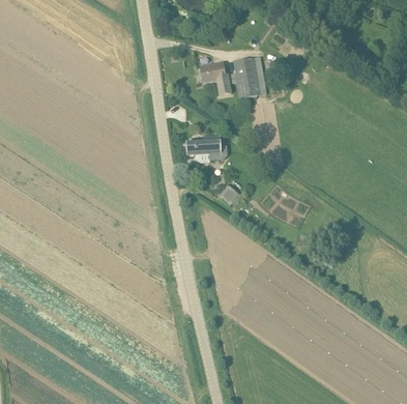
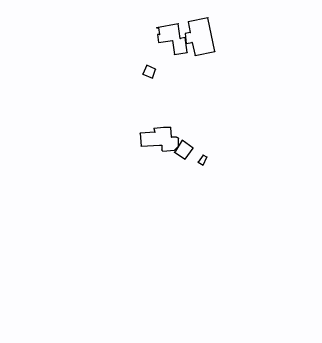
building: [186,136,227,161] -> [140,127,179,151]

